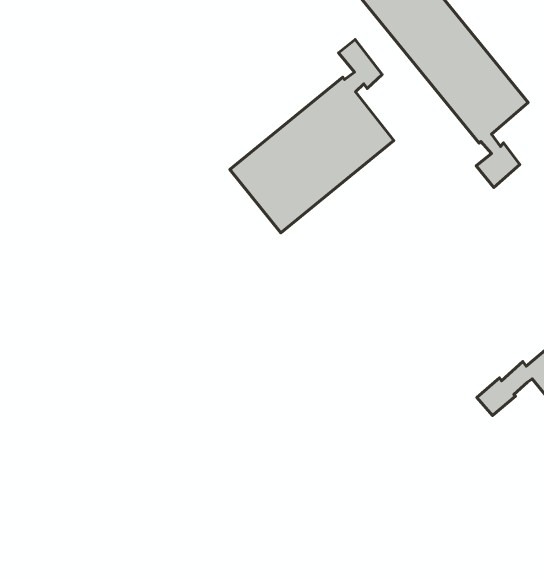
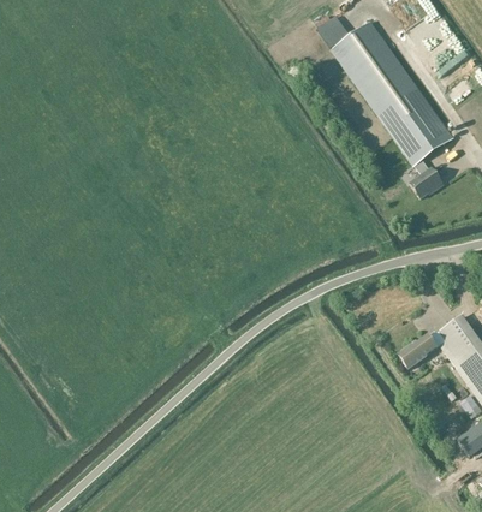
building: [230,40,394,233] -> none

